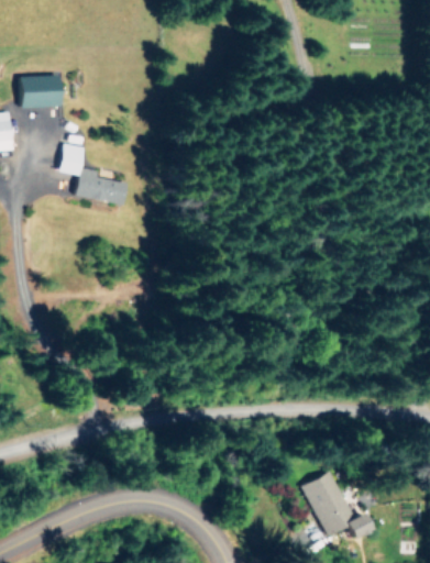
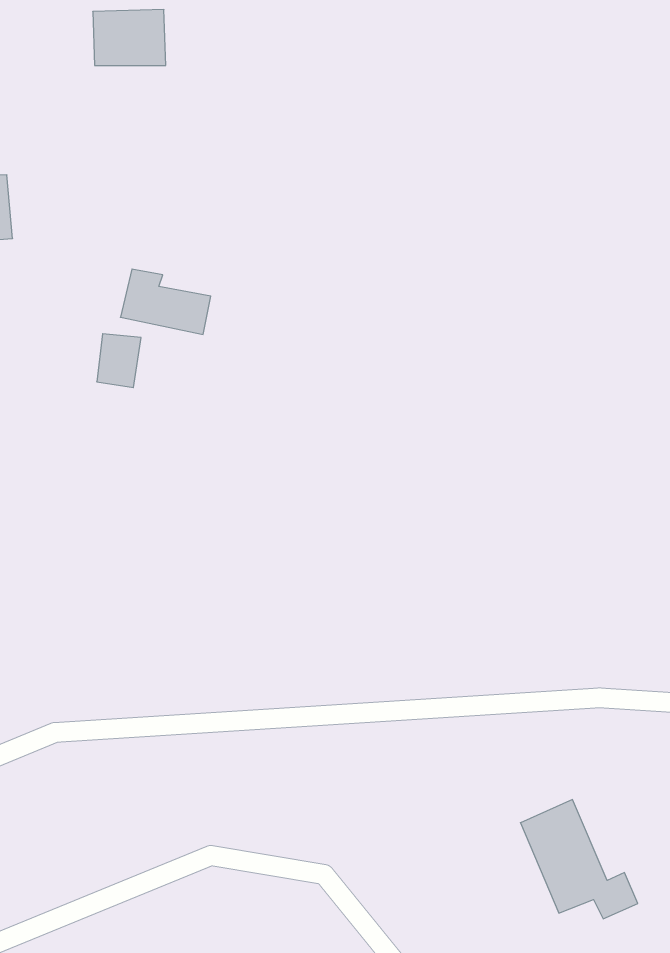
building: [18,75,59,107] -> [93,10,166,65]
building: [58,144,84,175] -> [97,334,141,388]

